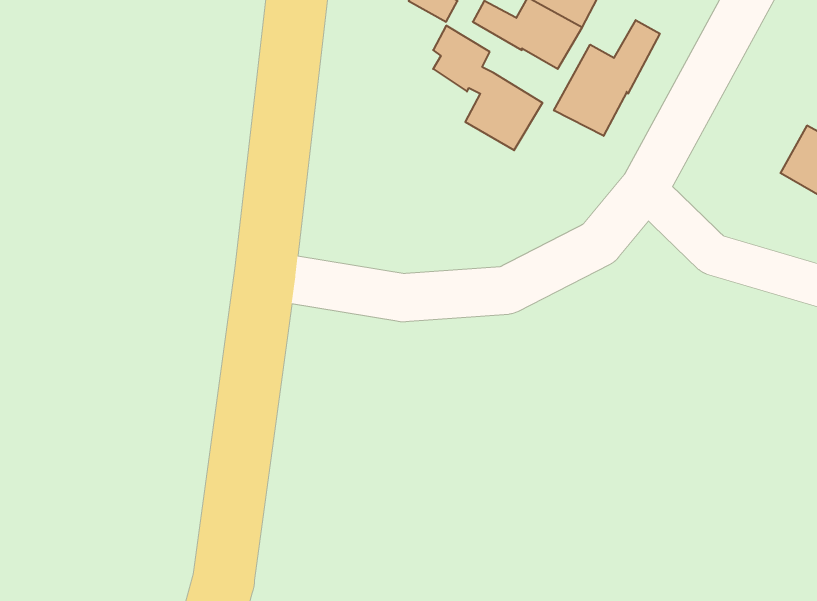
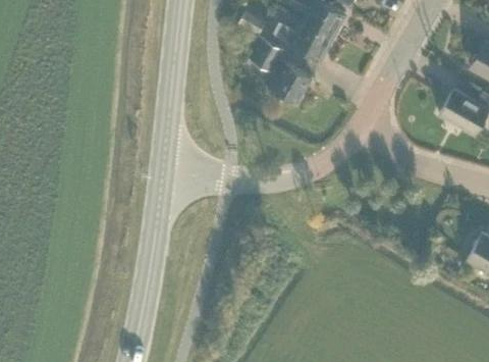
building: [554,20,660,136] -> none

